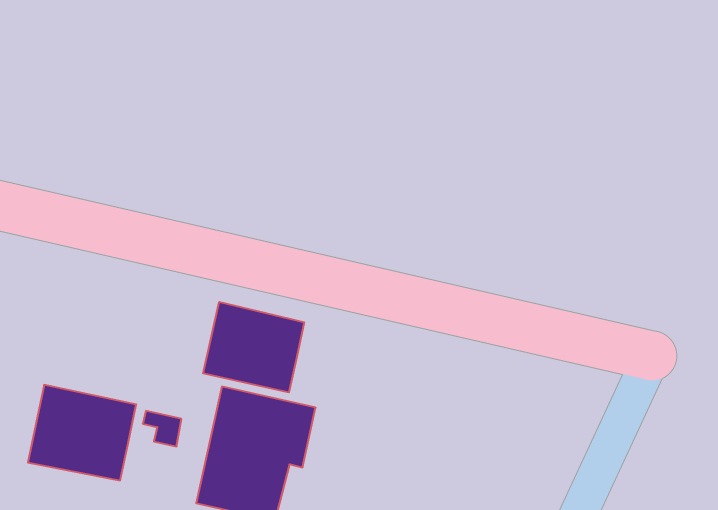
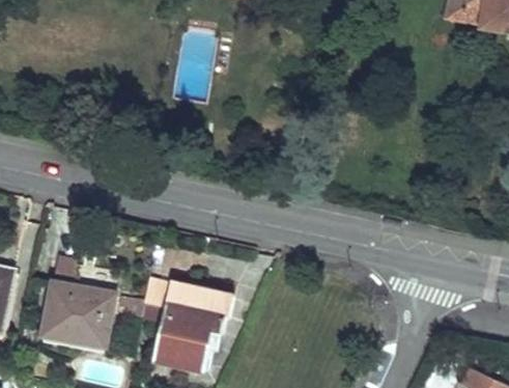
building: [203,302,304,392] -> none

